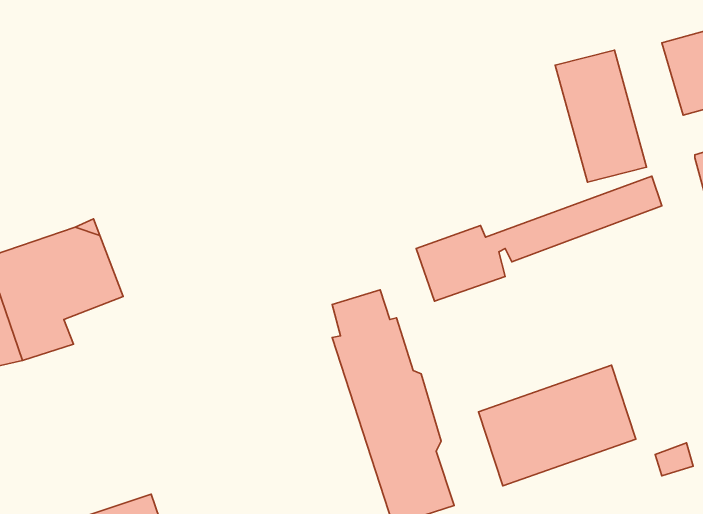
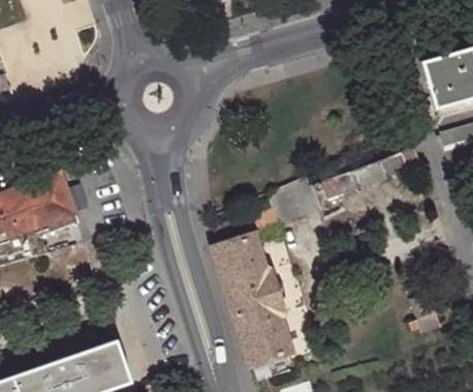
building: [555,50,647,182] -> none
building: [478,365,636,486] -> none

